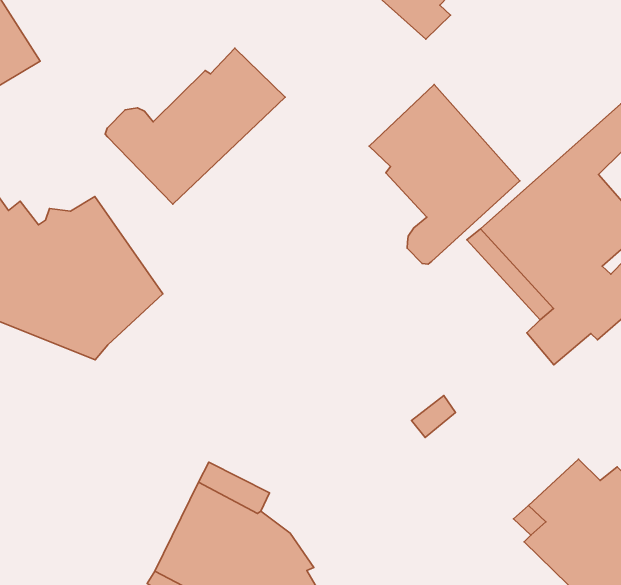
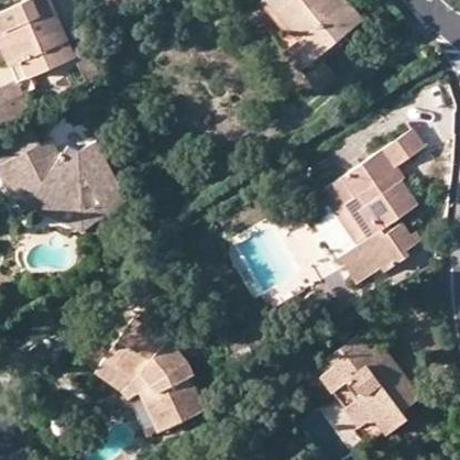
building: [105,48,285,204] -> none
building: [369,84,520,264] -> none

